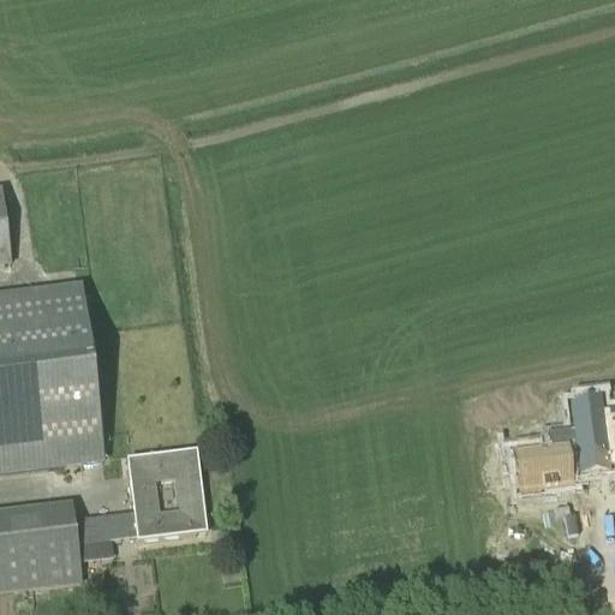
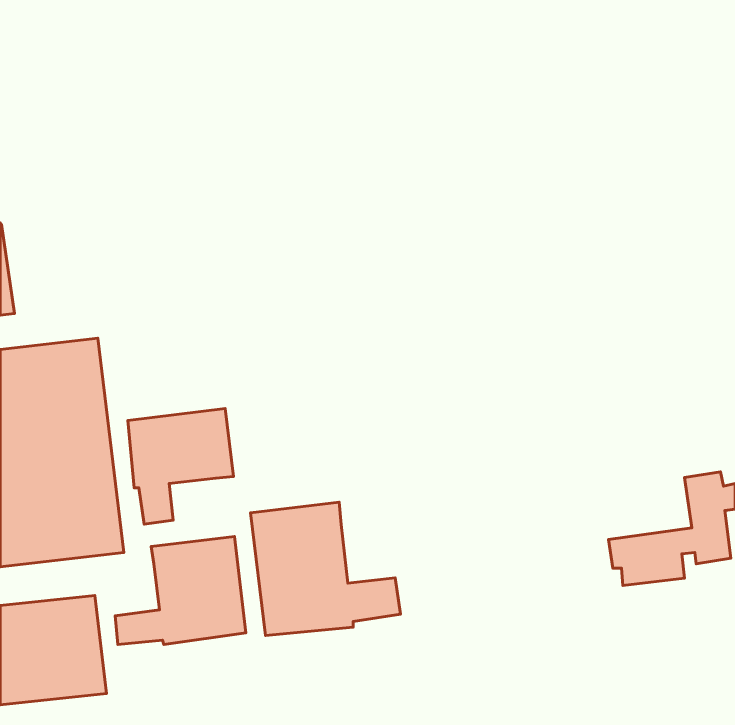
building: none -> [128,409,233,524]
building: none -> [251,502,400,636]

